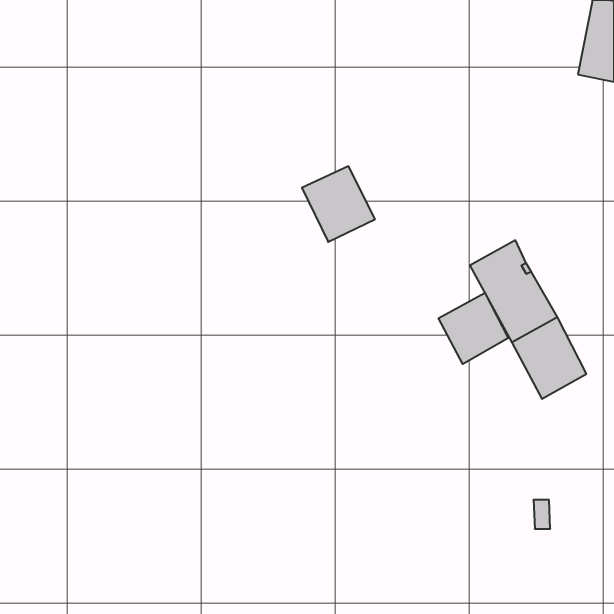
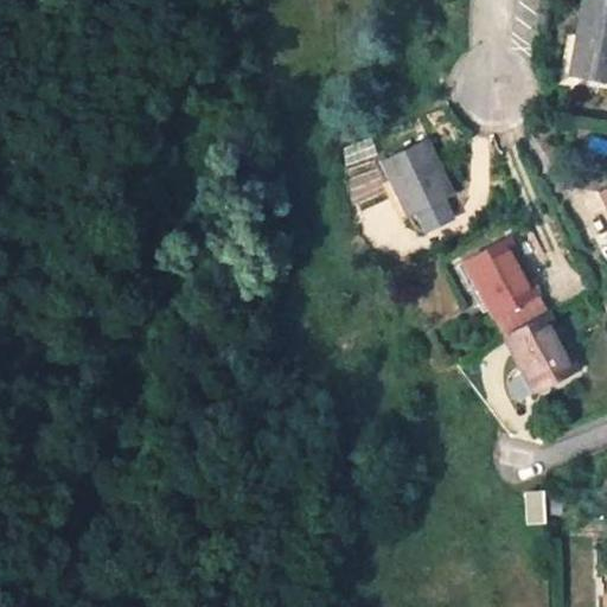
building: [302,166,375,242] -> [381,141,453,216]
building: [438,293,508,364] -> none

